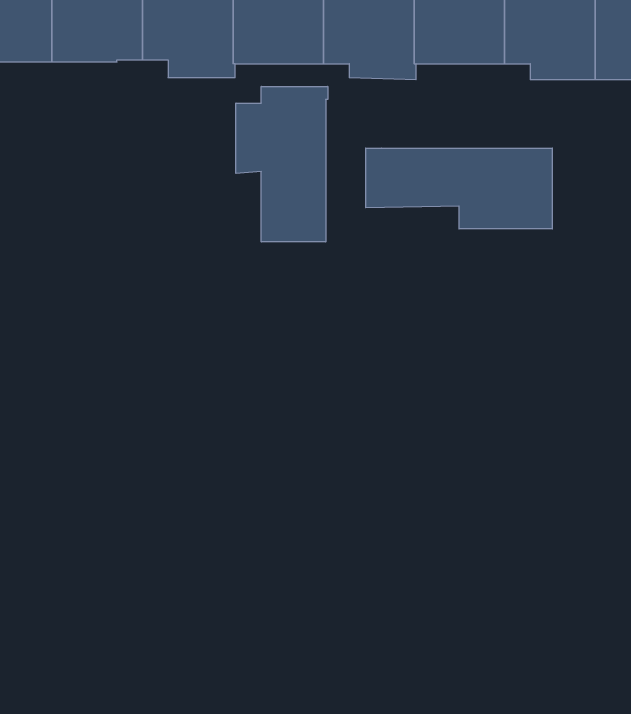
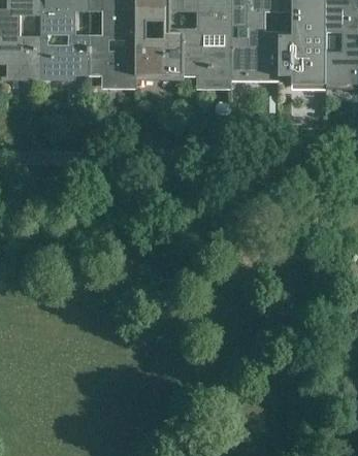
building: [236,86,328,242] -> none
building: [366,148,552,229] -> none

